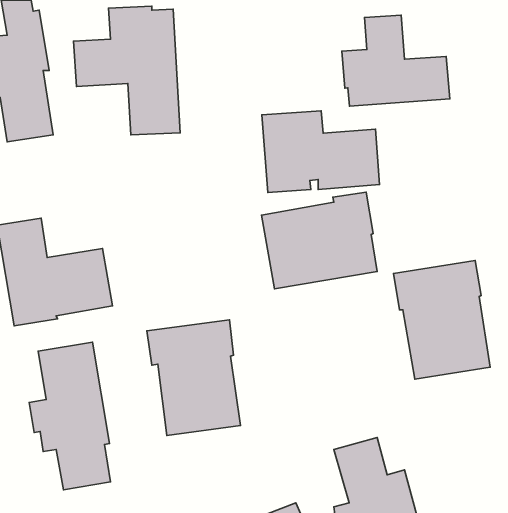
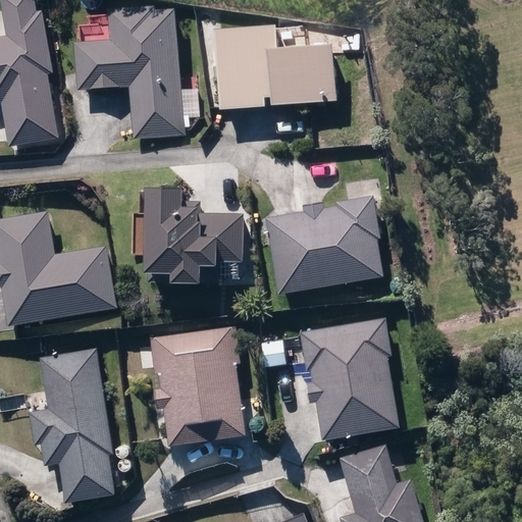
building: [342,15,450,106] -> none
building: [262,111,379,192] -> [216,25,335,108]
building: none -> [148,186,240,281]
building: [394,260,490,379] -> [300,317,398,437]

